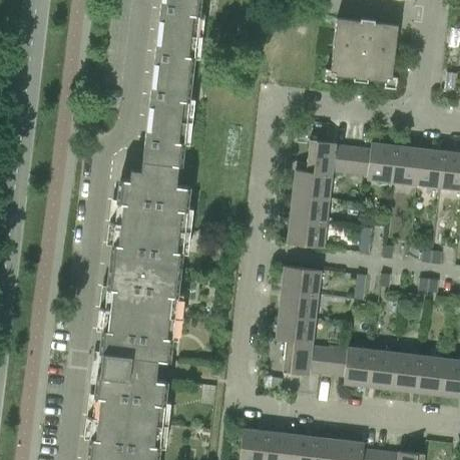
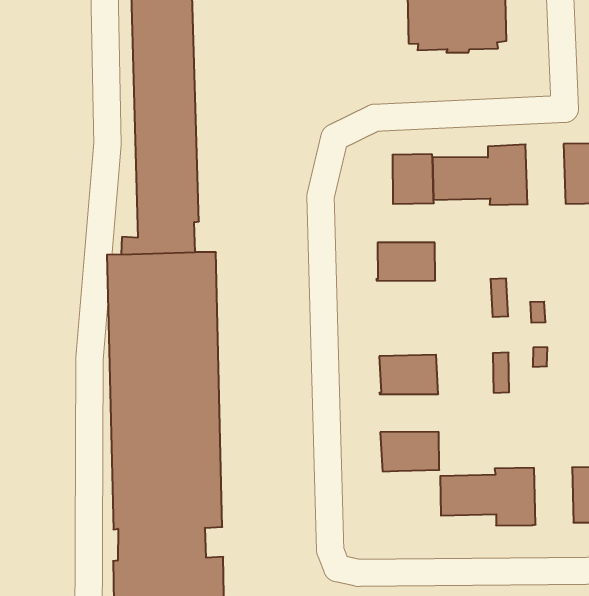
building: [392,144,420,185] -> none
building: [294,169,333,198] -> none
building: [288,217,327,247] -> none
building: [279,290,319,319] -> none
building: [284,340,313,374] -> none
building: [369,350,397,388] -> none

